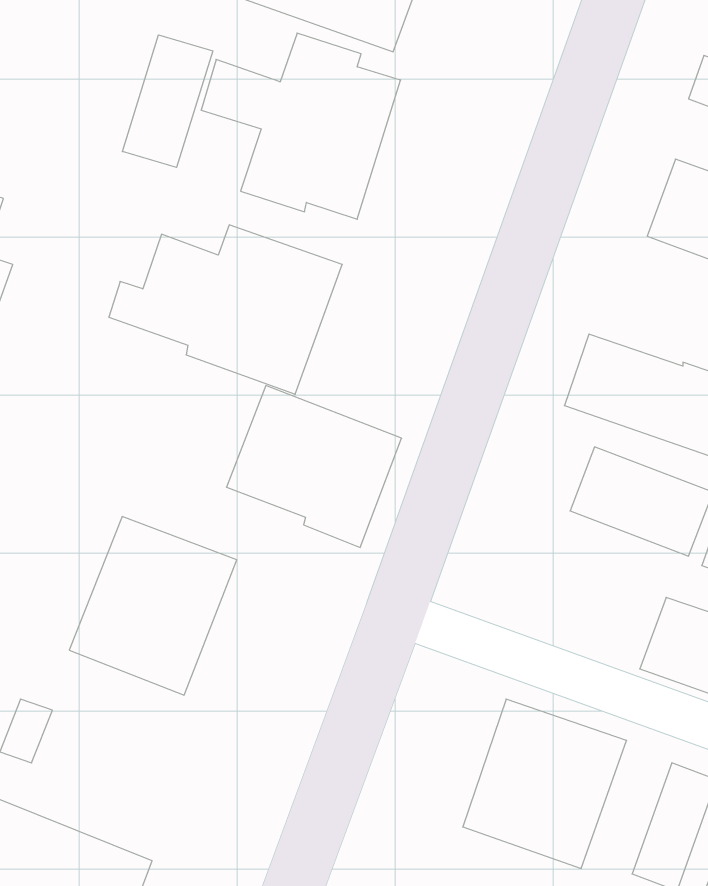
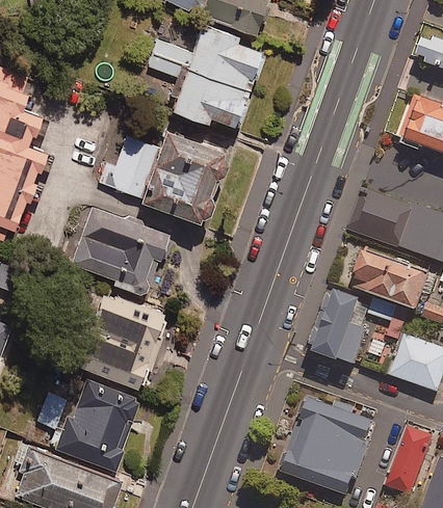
building: [122,35,213,167] -> none
building: [226,386,402,547] -> [71,207,167,296]
building: none -> [312,291,369,369]
building: none -> [55,380,139,469]

